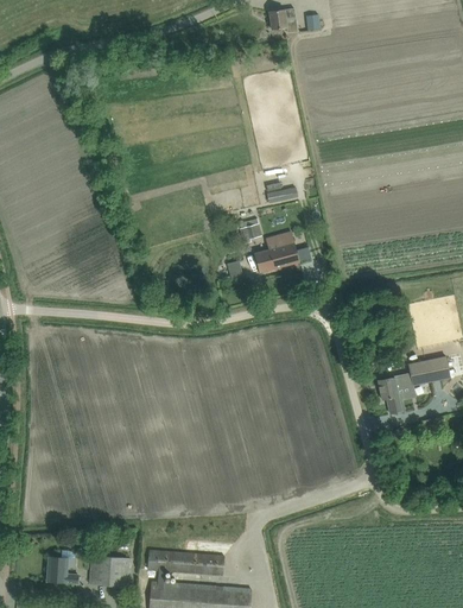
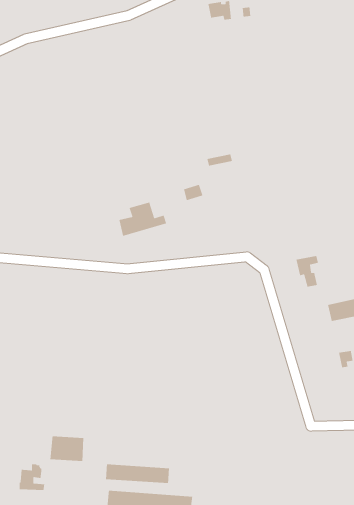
building: [253,232,310,273] -> [118,201,167,237]
building: [376,375,404,413] -> [296,255,319,287]
building: [88,556,128,587] -> [50,435,84,462]

